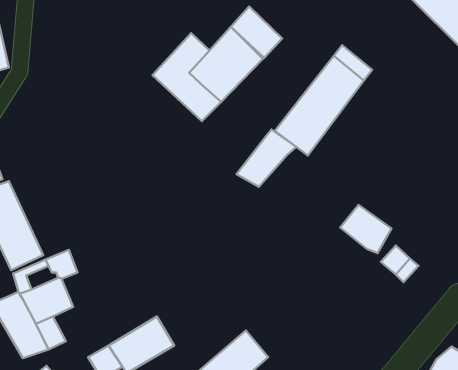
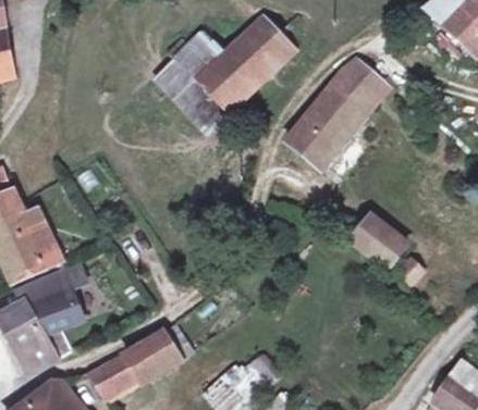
building: [237,130,296,187] -> none

